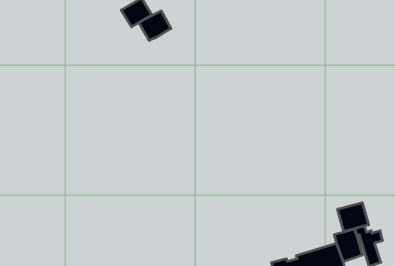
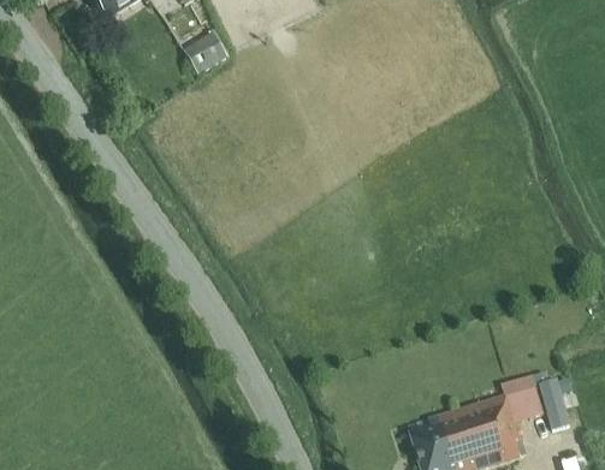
building: [139,11,171,41] -> none
building: [338,203,369,232] -> none

